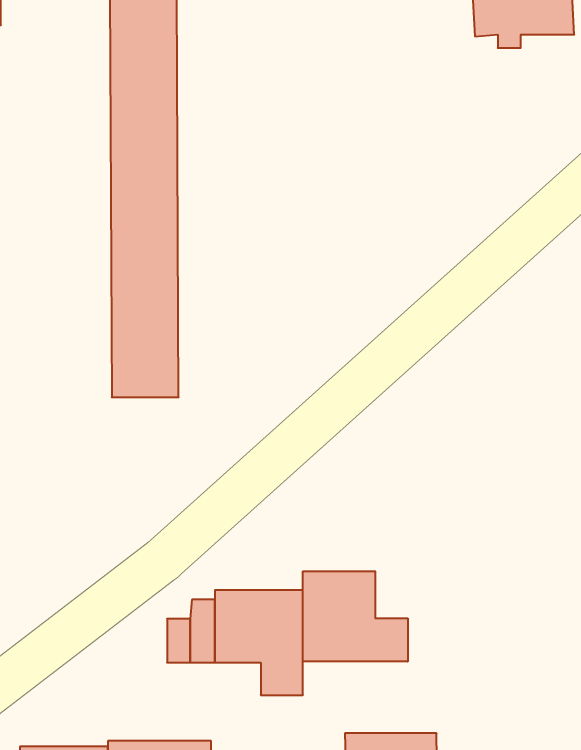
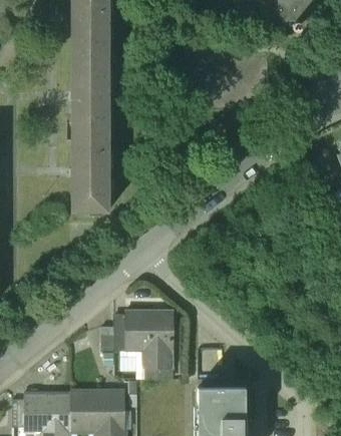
building: [303,571,408,662] -> none

